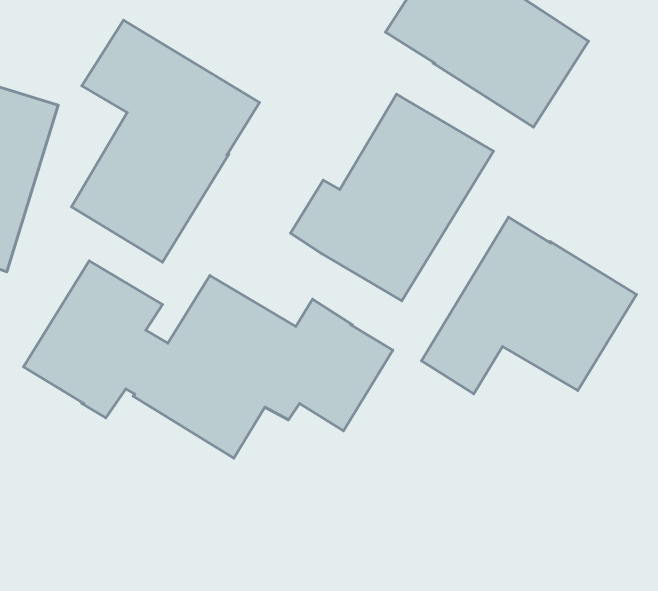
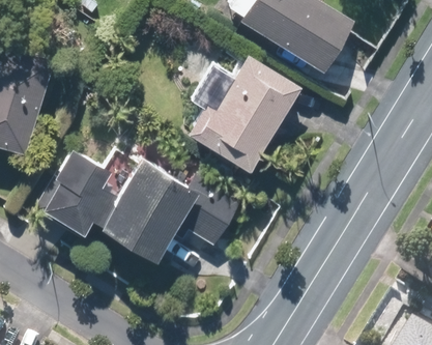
building: [72,20,260,262] -> none
building: [422,217,636,394] -> none

